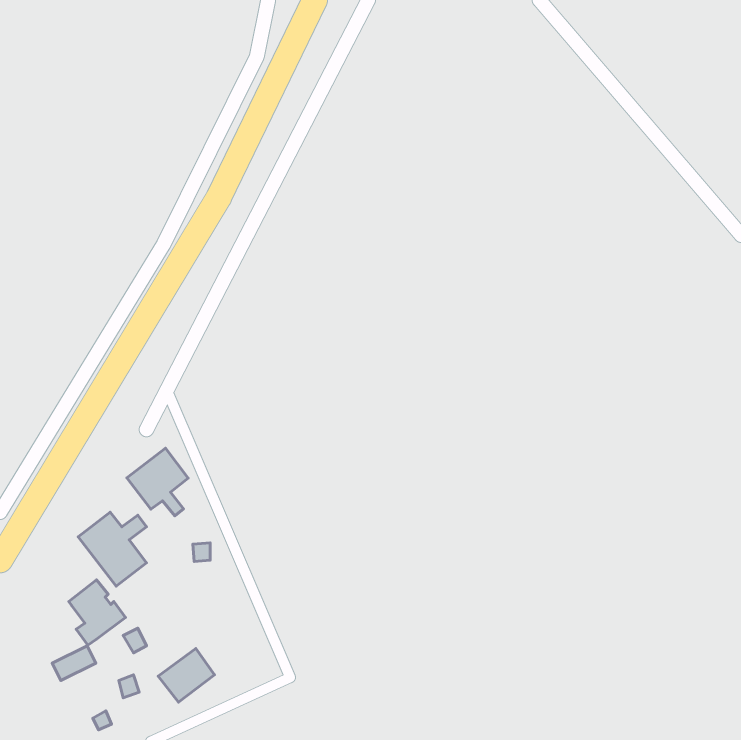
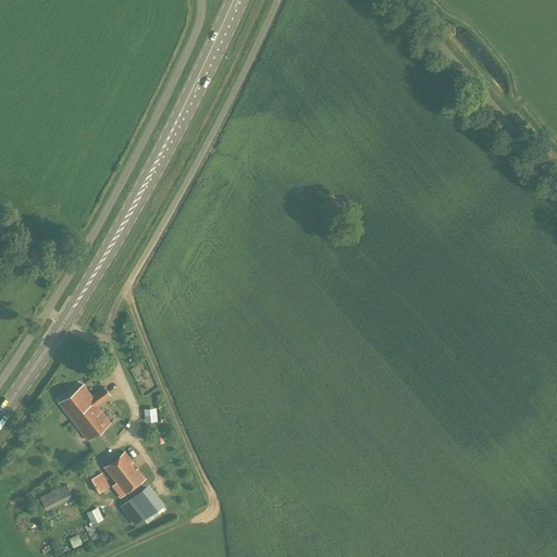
building: [127,448,188,516] -> none
building: [69,580,125,645] -> [103,451,146,500]

